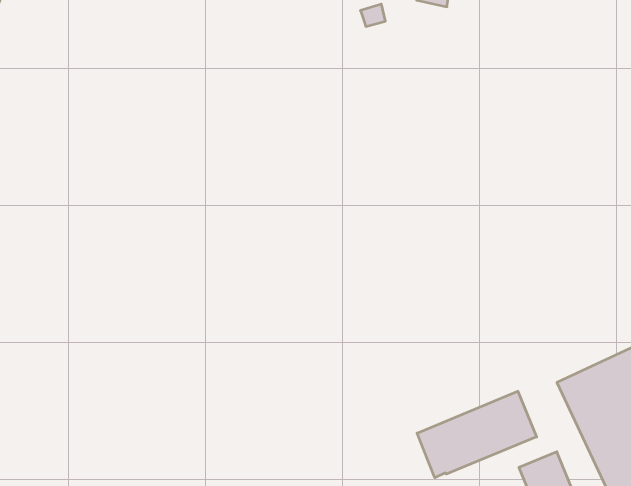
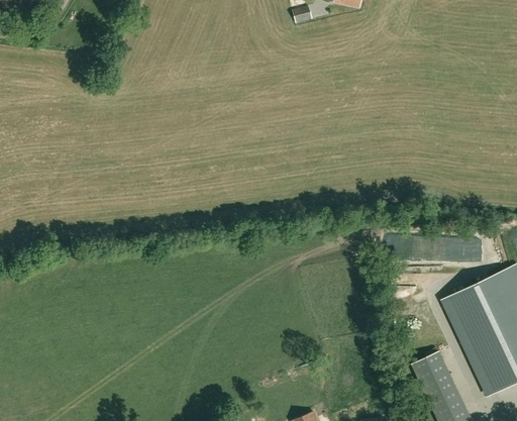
building: [417,391,537,478] -> none

